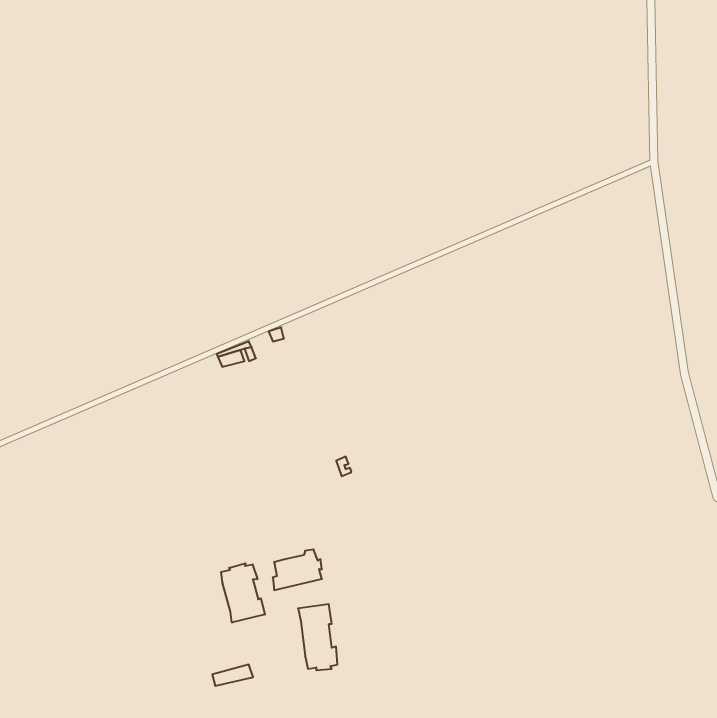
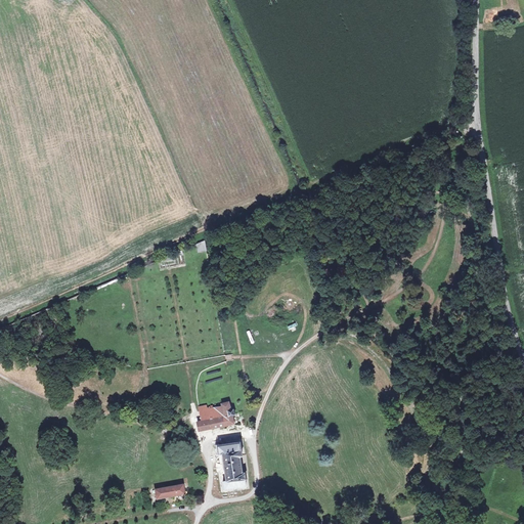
building: [221,563,265,623] -> none

